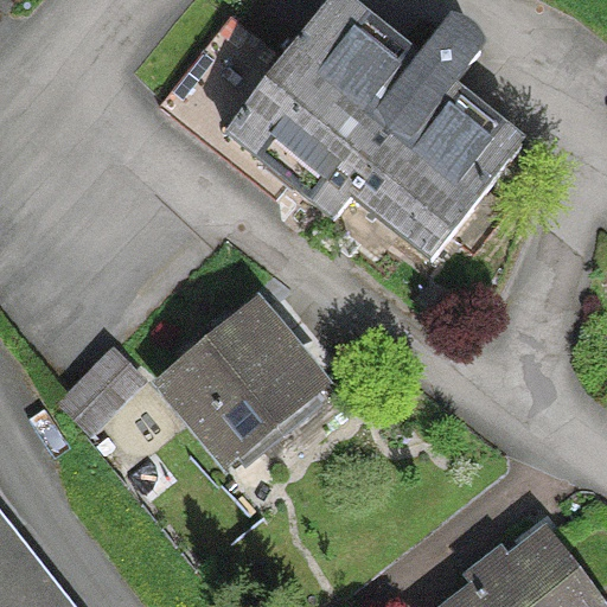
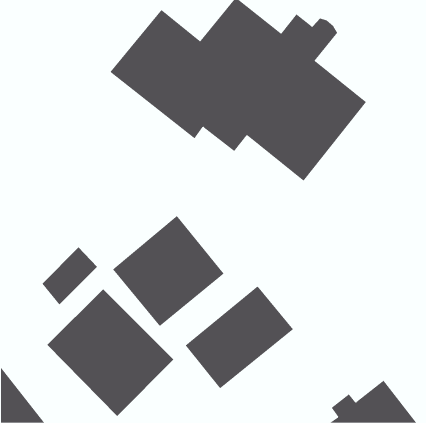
building: none -> [185,286,294,389]
building: none -> [47,289,174,417]

